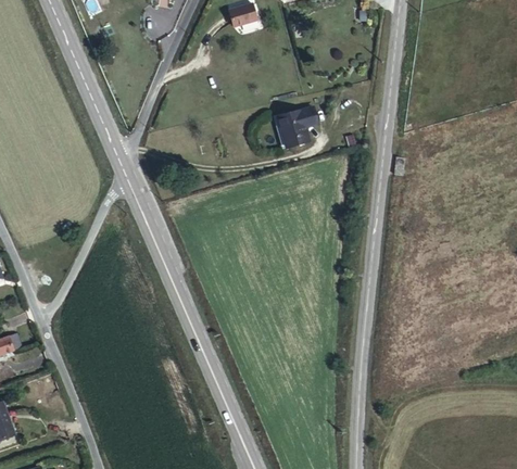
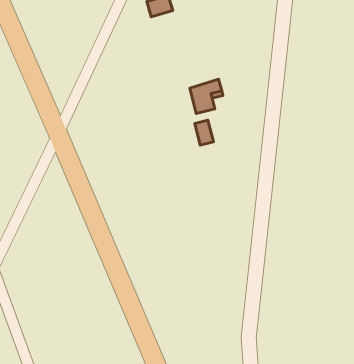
building: none -> [195,120,213,145]

